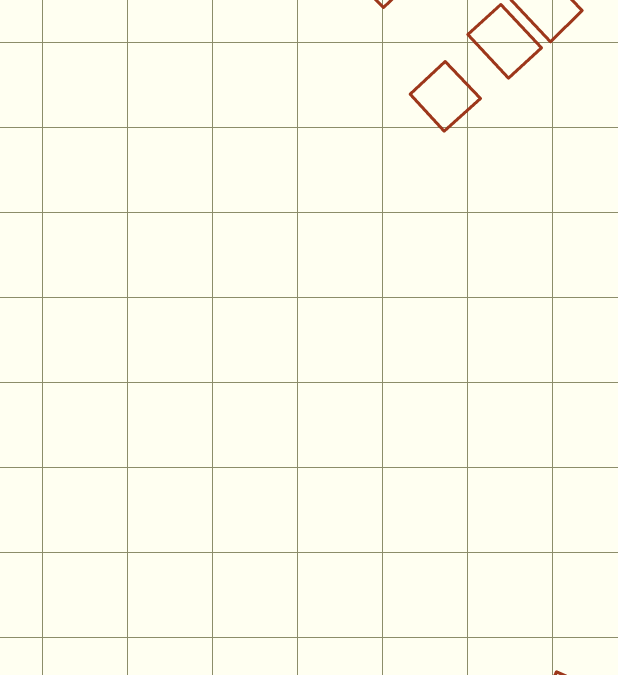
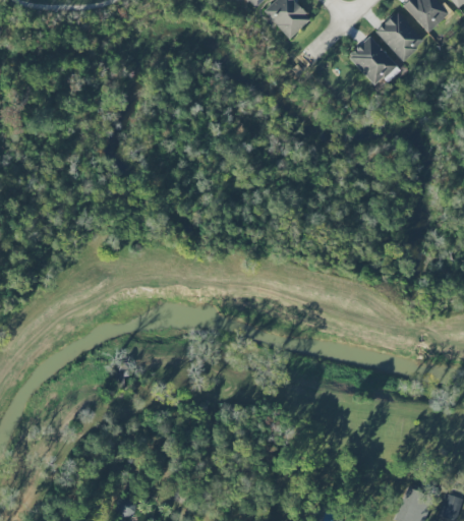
building: [410,61,481,131] -> none

